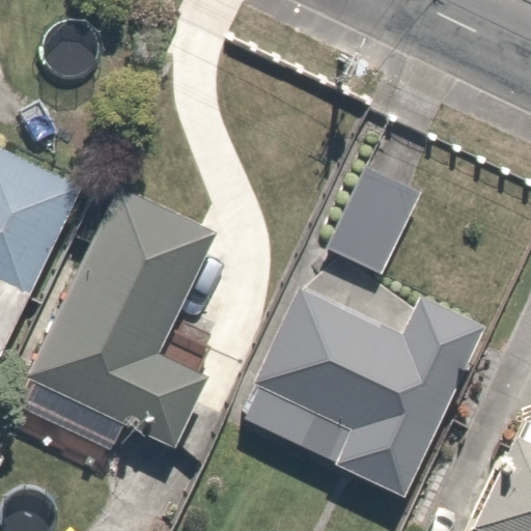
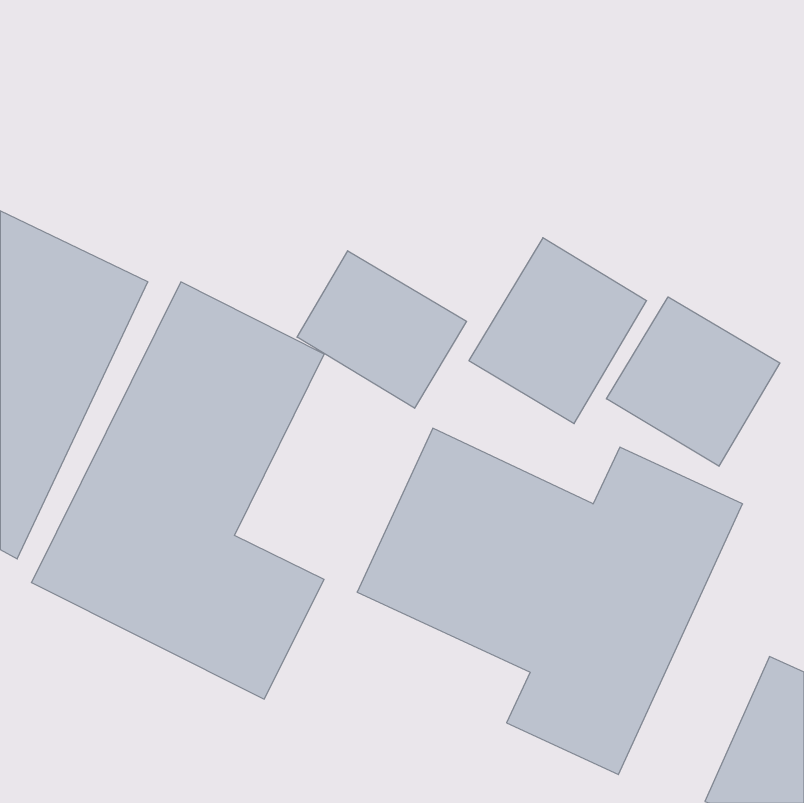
building: none -> [297,251,467,408]
building: none -> [606,297,780,466]

